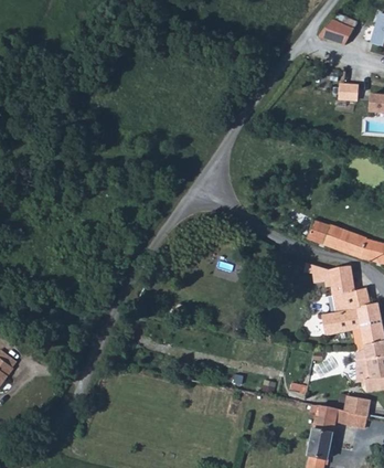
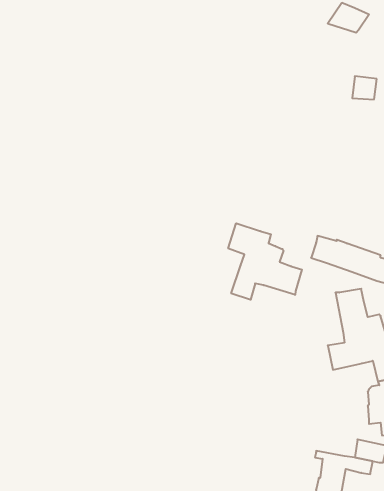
building: none -> [228,223,302,300]

